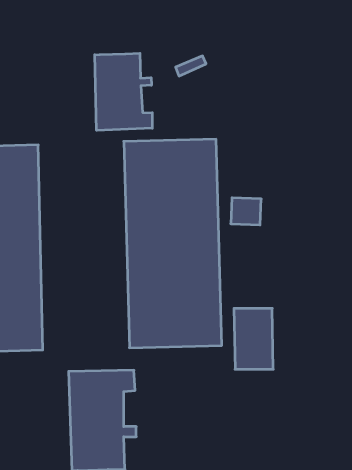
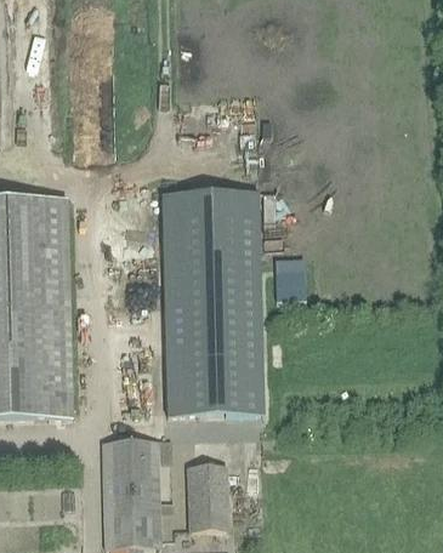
building: [95,53,152,130] -> none
building: [234,308,273,369] -> [187,463,229,529]

